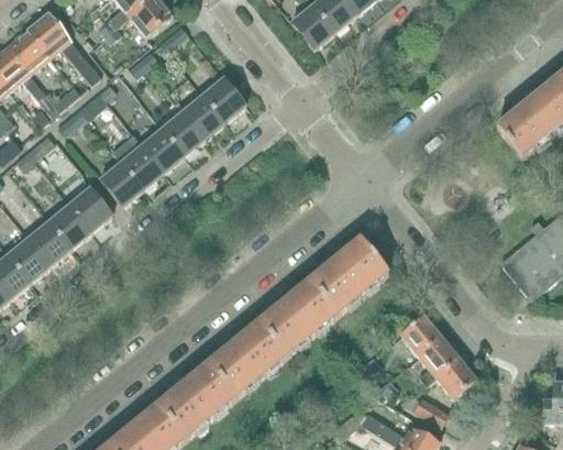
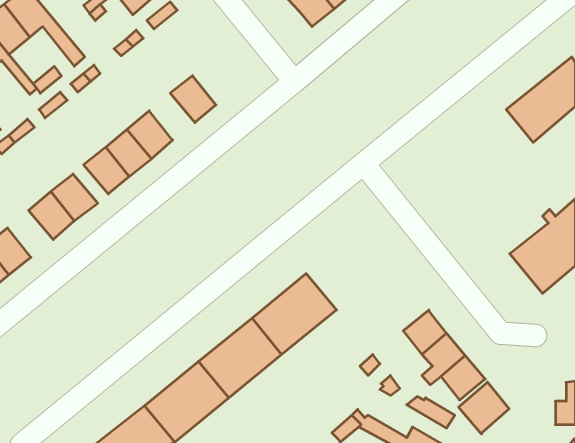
building: [201,77,245,122] -> none
building: [161,111,203,155] -> none
building: [27,221,70,265] -> none
building: [308,239,388,315] -> none
building: none -> [459,382,509,434]

